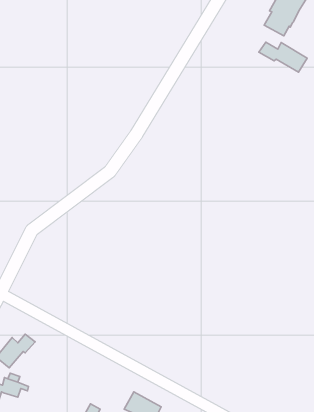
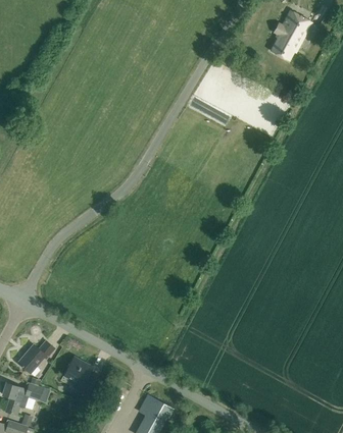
building: [259,42,307,72] -> none
building: none -> [64,357,96,395]

